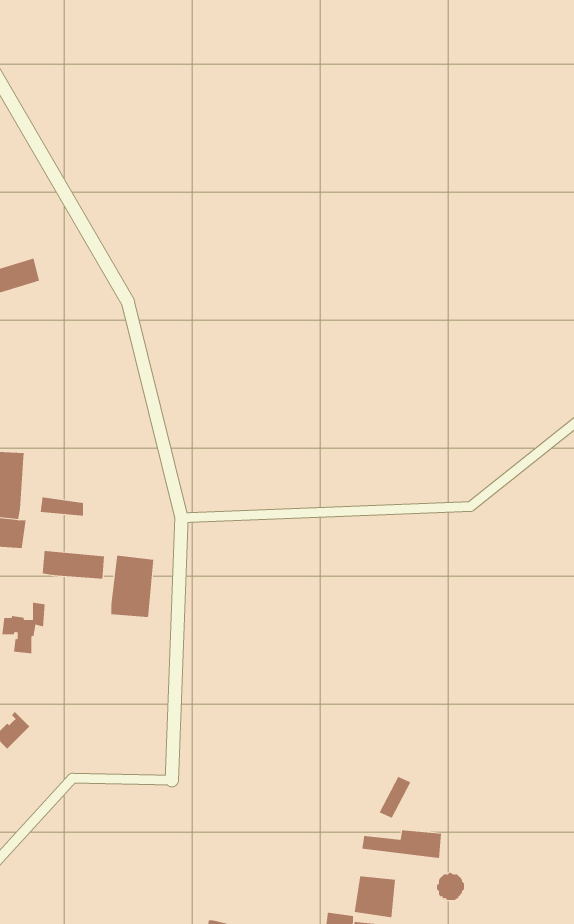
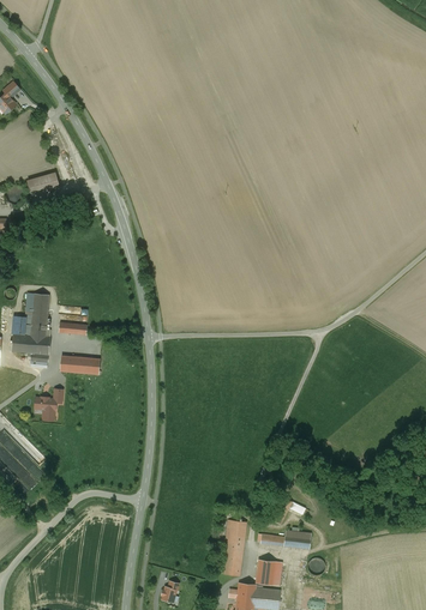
building: [111,555,154,618] -> none
building: none -> [224,519,246,574]

